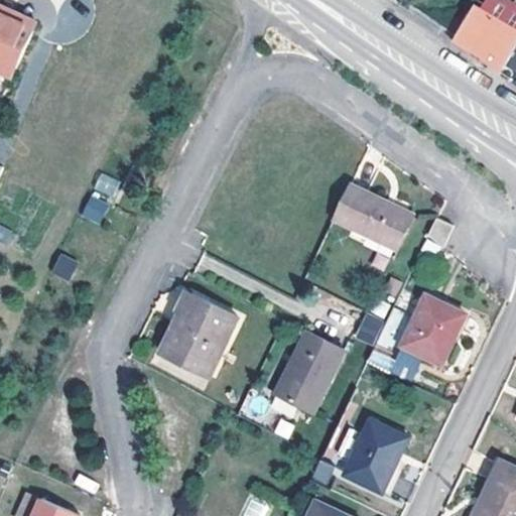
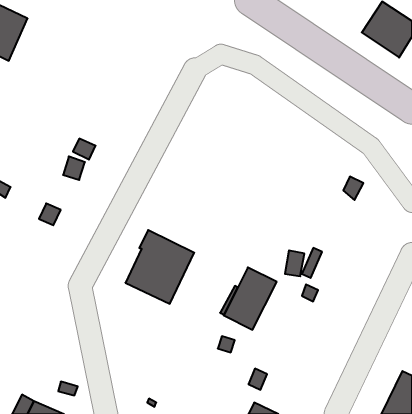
building: [335,185,411,248] -> none
building: [404,297,466,361] -> none
building: [345,421,407,494] -> none

